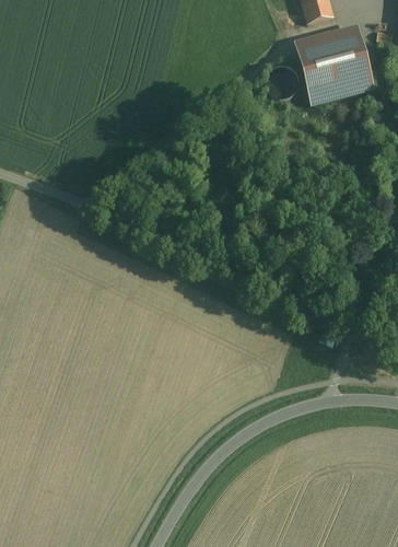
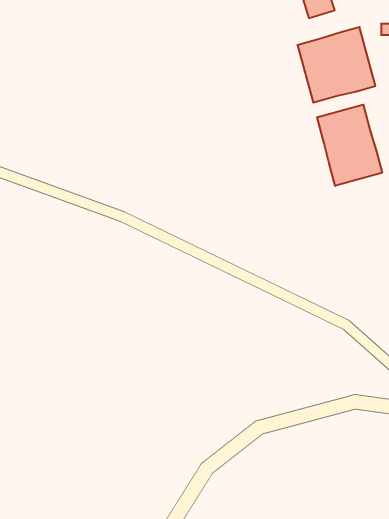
building: none -> [317,105,382,186]

